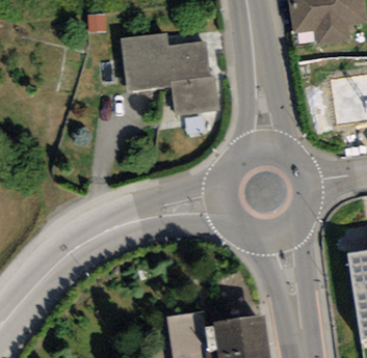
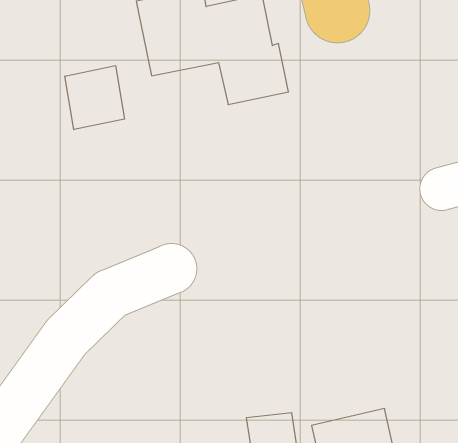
building: none -> [65,66,125,130]

